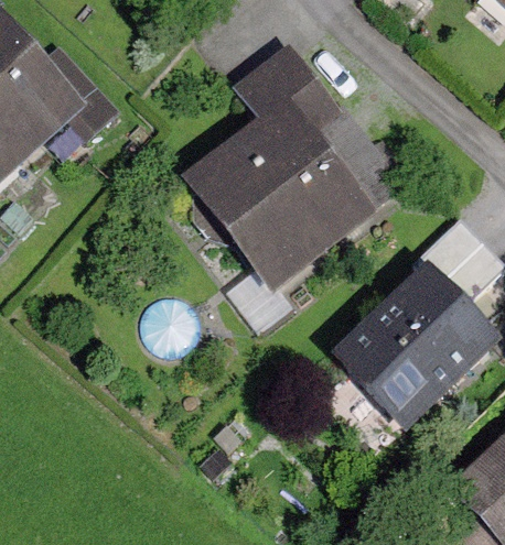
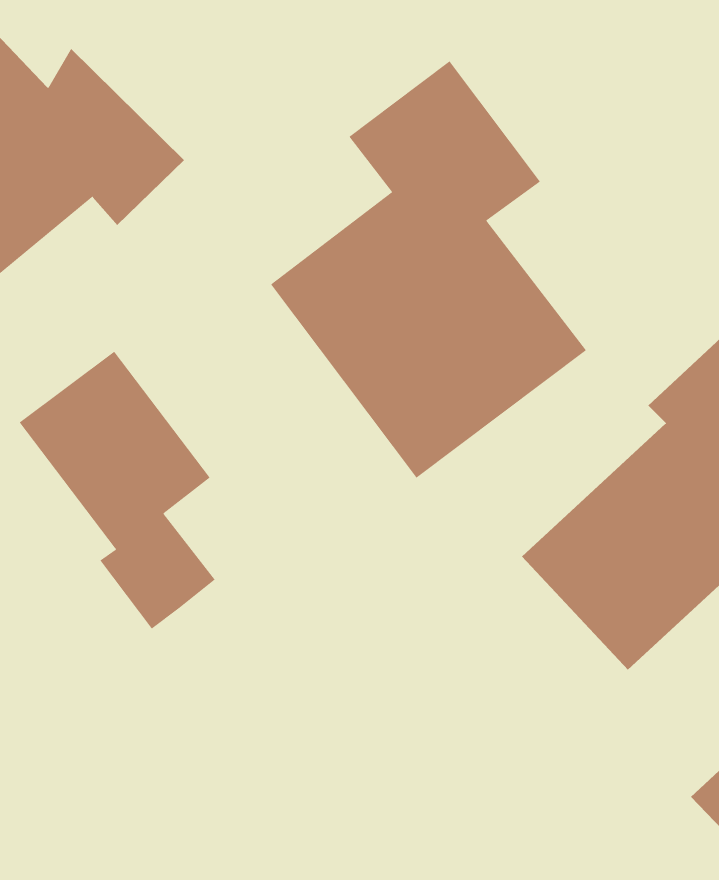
building: none -> [19,351,216,629]

